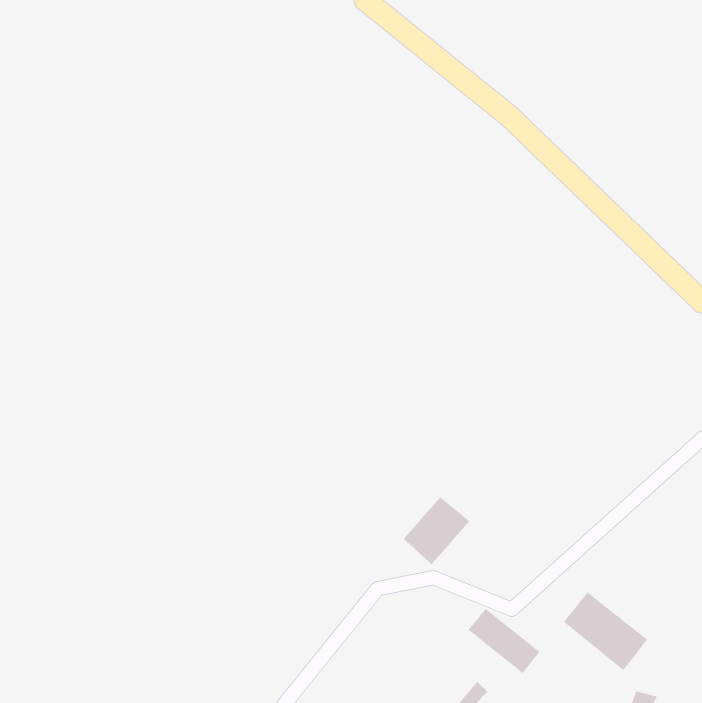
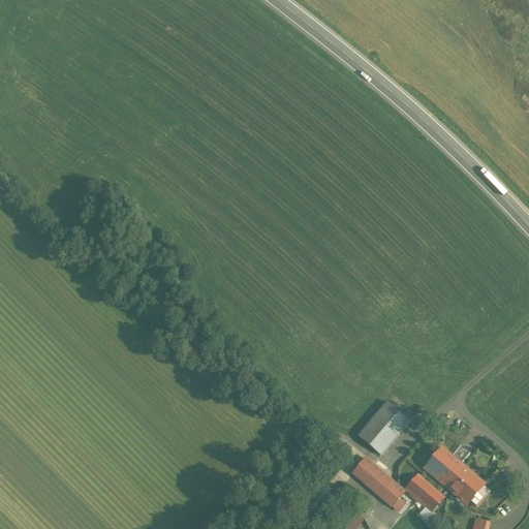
building: [403,496,470,565] -> [357,402,408,454]
building: none -> [406,473,444,509]

